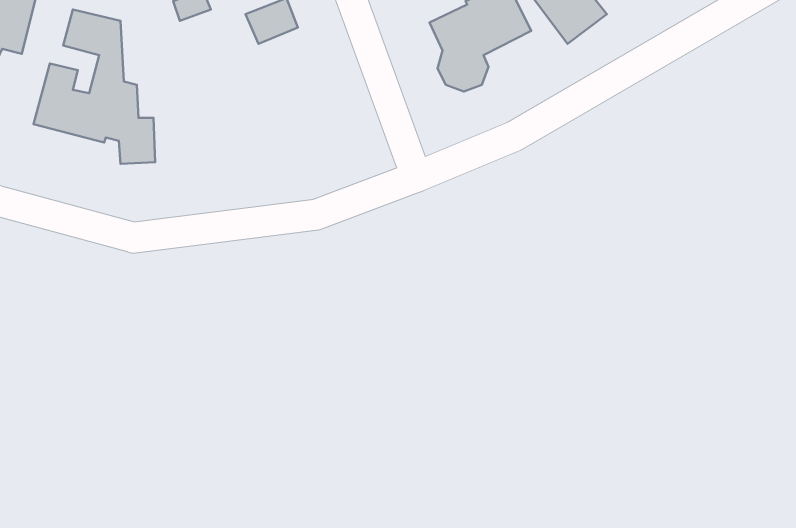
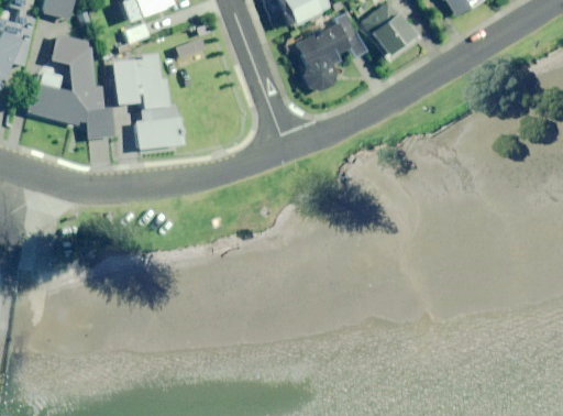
building: none -> [107,50,188,152]

